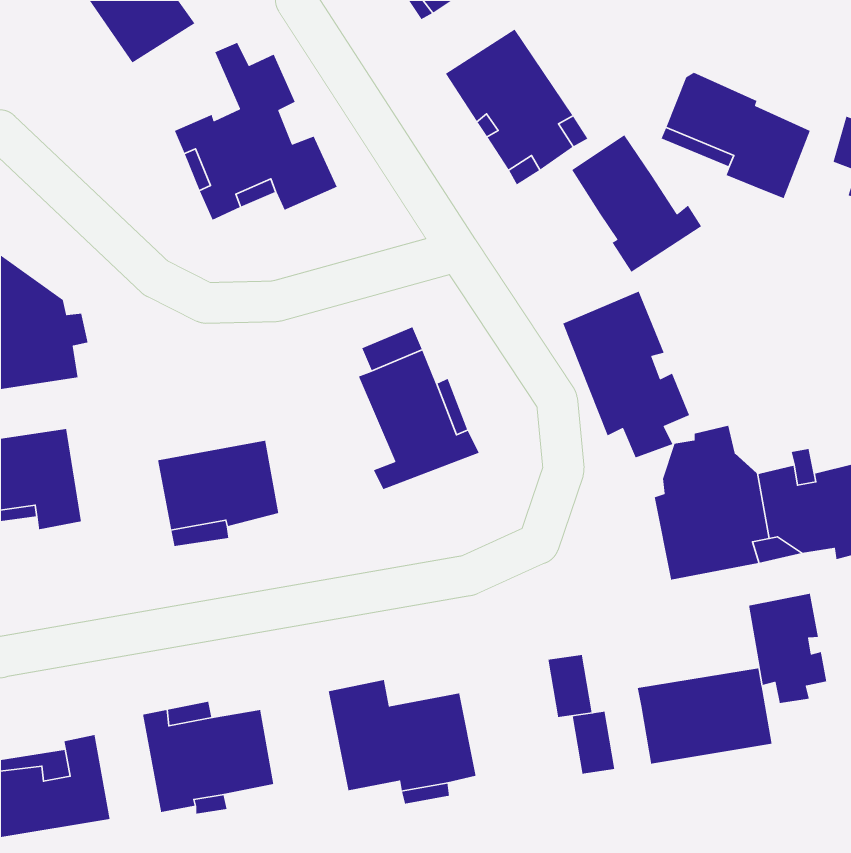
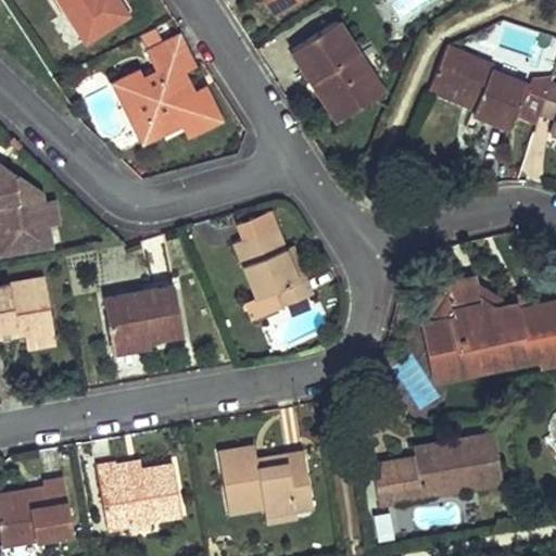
building: [571,134,702,273] -> none
building: [562,291,690,459] -> none
building: [748,593,827,704] -> none
building: [547,654,592,718] -> [395,459,425,501]

